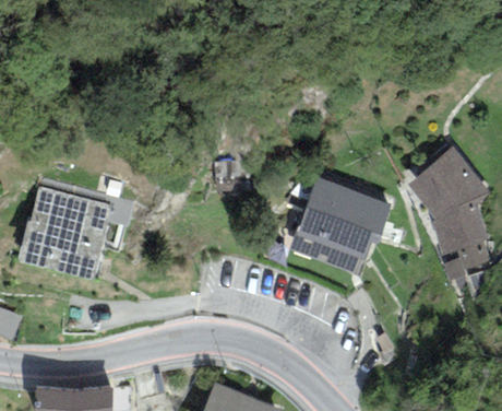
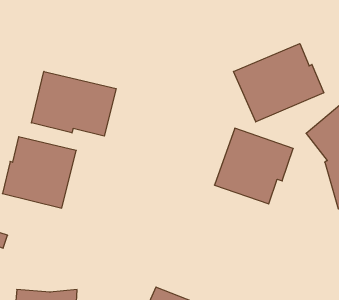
building: none -> [234,44,324,122]
building: none -> [31,71,116,136]

